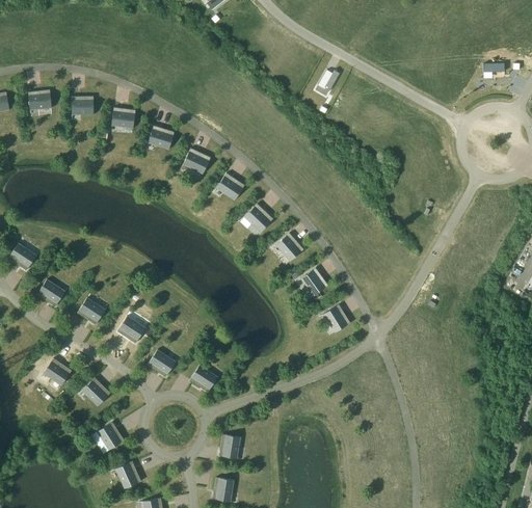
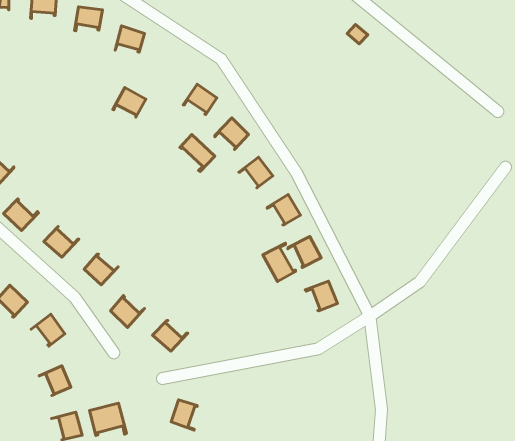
building: [147,125,175,150] -> [113,87,146,117]
building: none -> [180,135,215,172]
building: none -> [263,243,295,282]
building: none -> [89,403,126,436]

